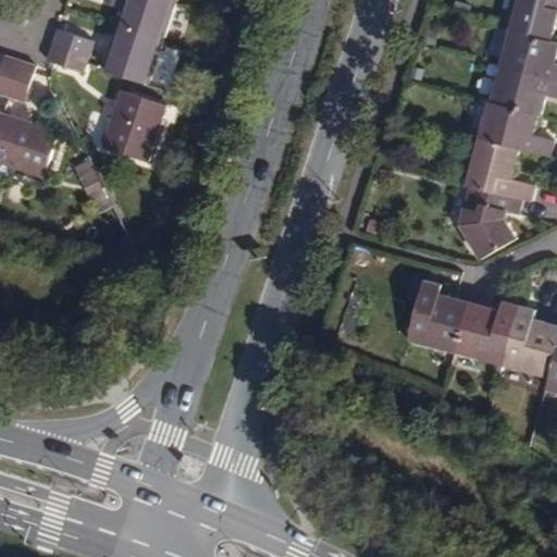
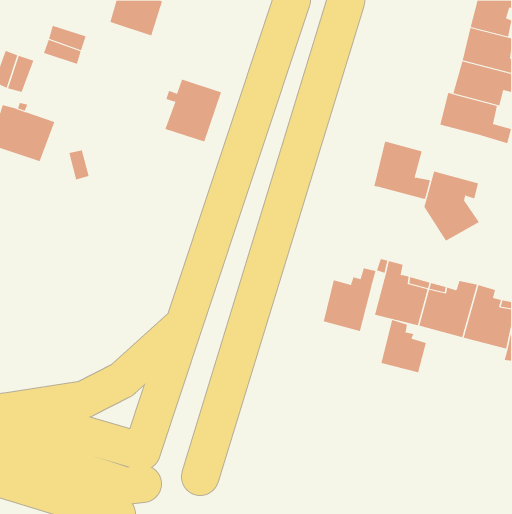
building: [103,24,164,83] -> none
building: [103,92,165,161] -> [165,79,222,142]
building: [463,135,525,198] -> [373,141,431,199]
building: none -> [323,267,376,332]
building: none -> [381,319,427,373]

